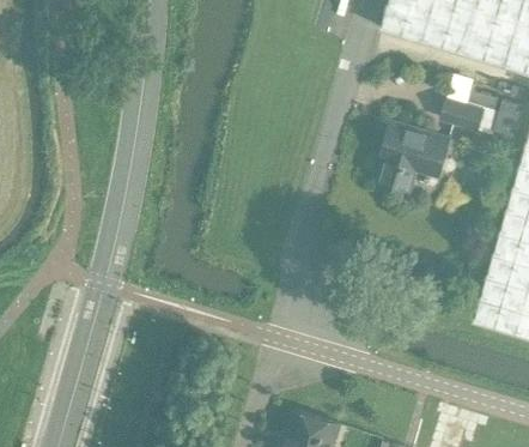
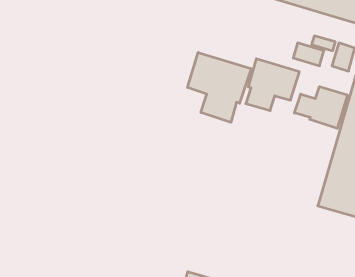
building: none -> [188,52,251,122]
building: none -> [294,87,347,128]

